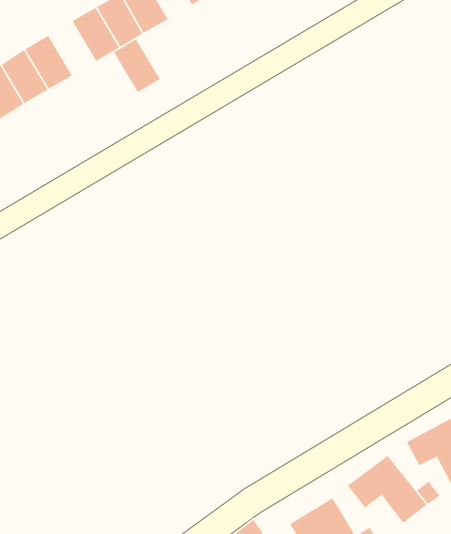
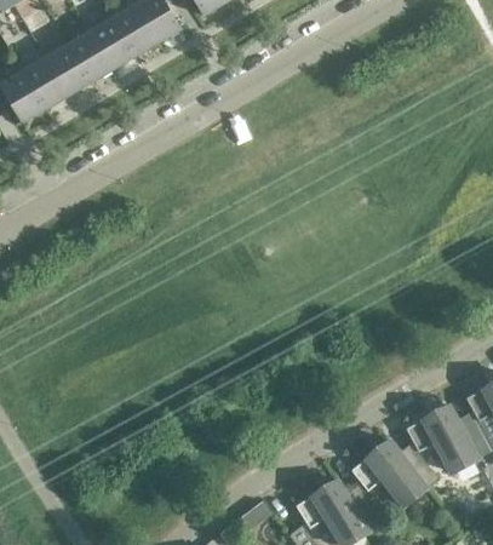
building: [113,38,161,93] -> [68,29,113,81]

